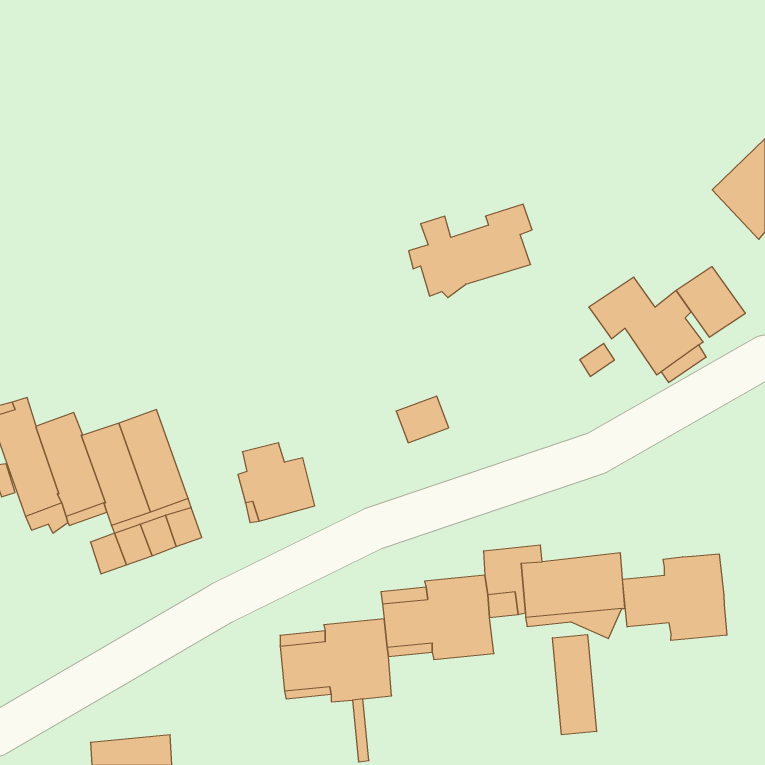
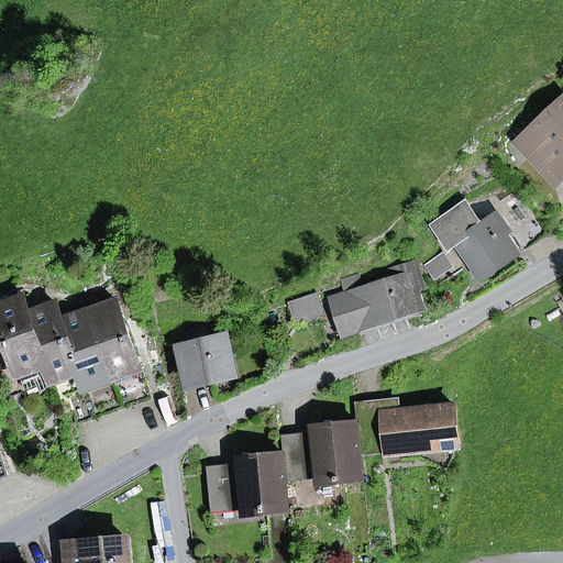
building: [409,204,532,298] -> [330,263,420,331]
building: [623,554,727,640] -> none
building: [553,635,597,735] -> none

